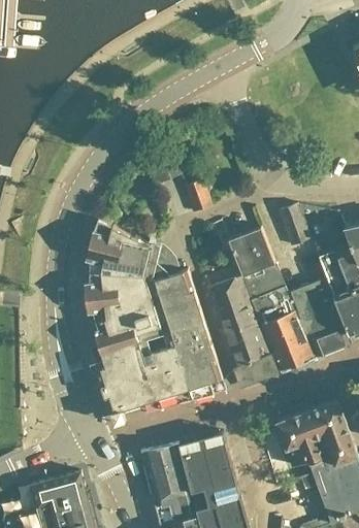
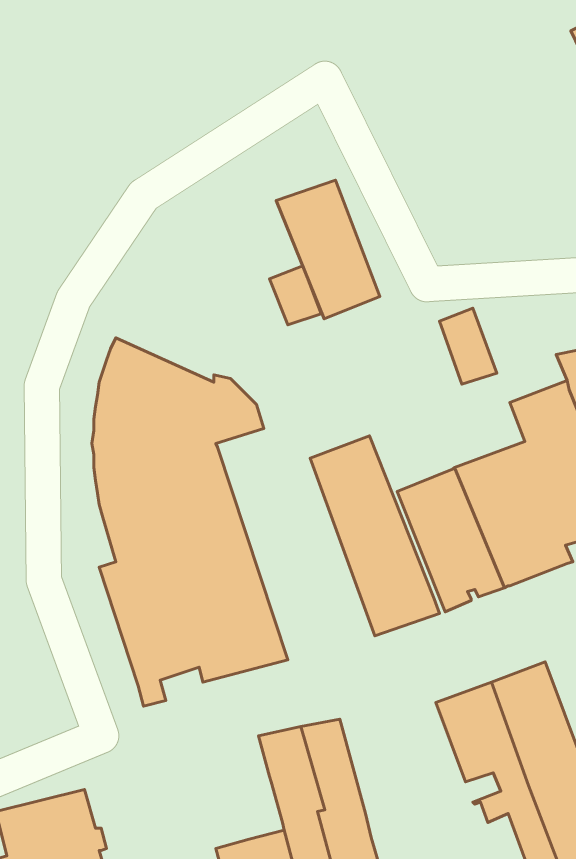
building: [228,229,286,306] -> [276,180,380,319]
building: [154,269,227,400] -> none
building: [140,442,192,505] -> none

